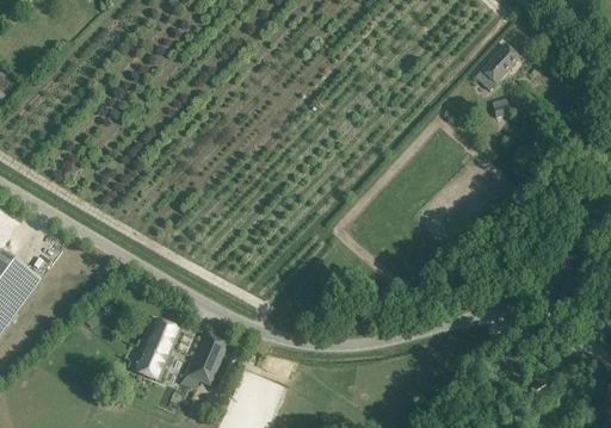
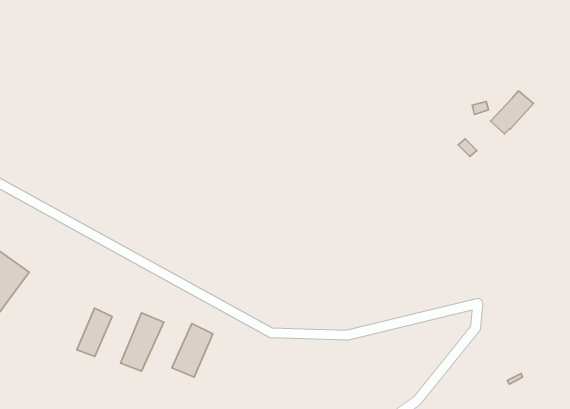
building: [474,44,518,88] -> [490,91,534,134]
building: none -> [77,308,112,357]

